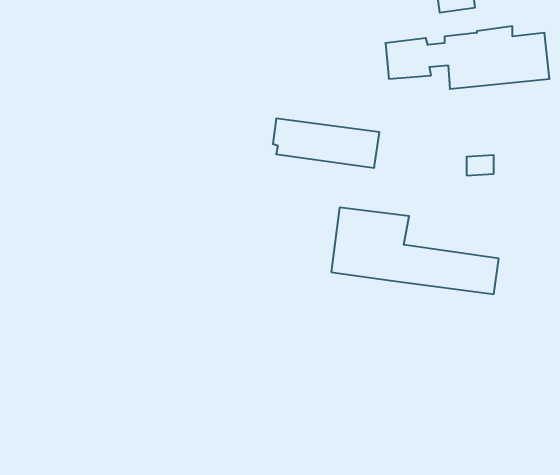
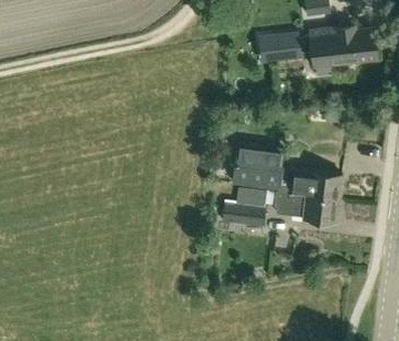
building: [273,119,379,168] -> [269,193,339,225]
building: none -> [222,193,265,227]

